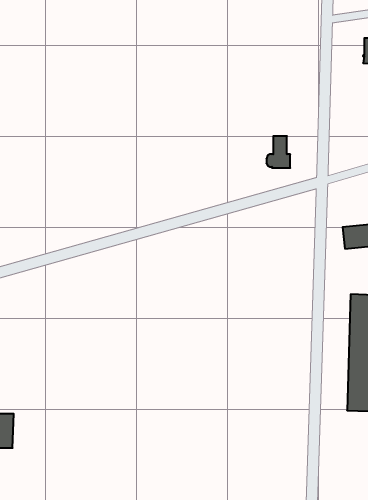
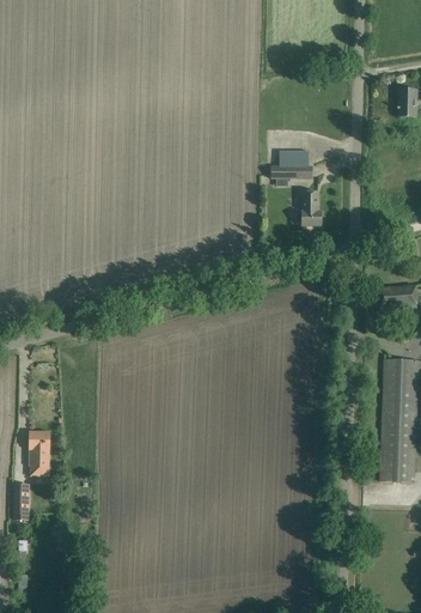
building: none -> [269,151,311,177]
building: none -> [29,431,48,475]

